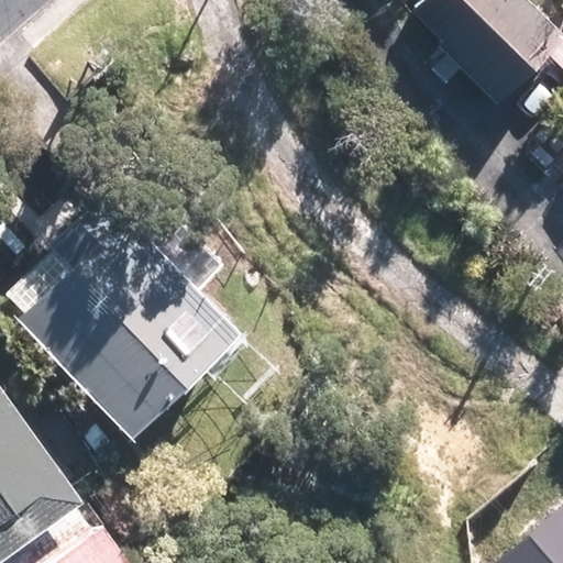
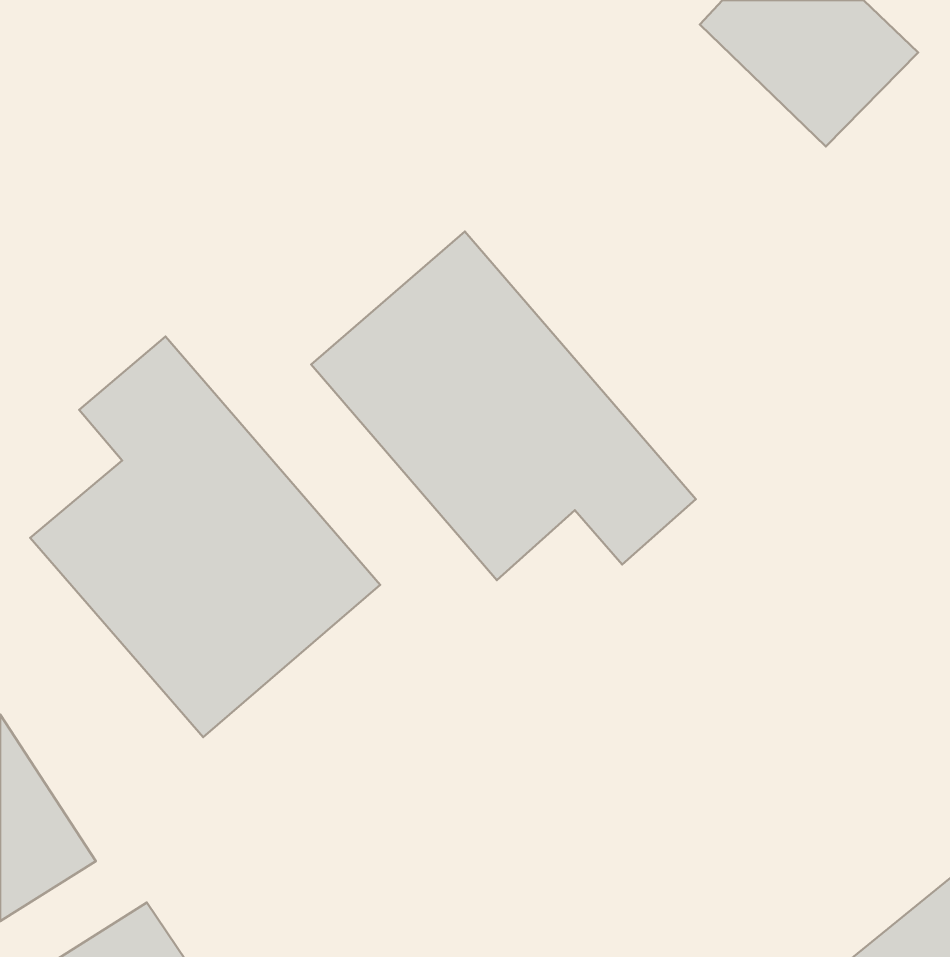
building: none -> [311,232,696,580]

